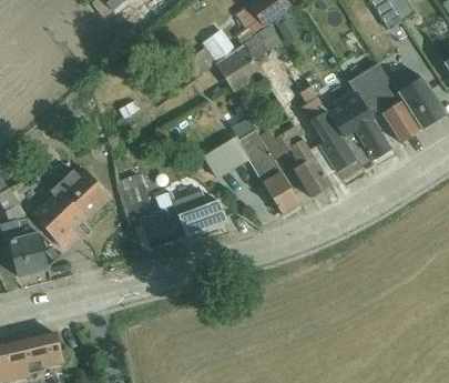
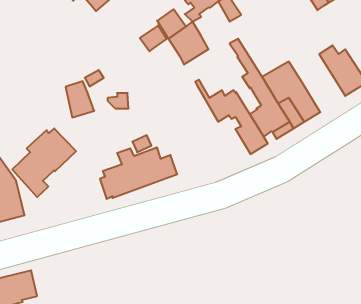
building: [244,26,282,60] -> none
building: [350,63,421,143] -> none
building: [184,118,302,214] -> none
building: [120,173,153,215] -> [66,81,94,117]

